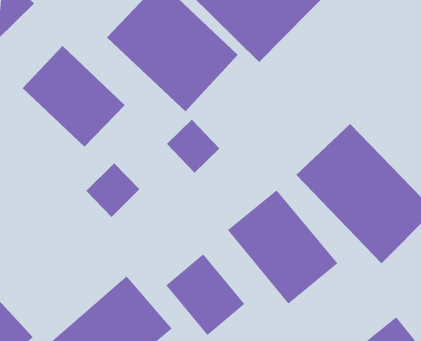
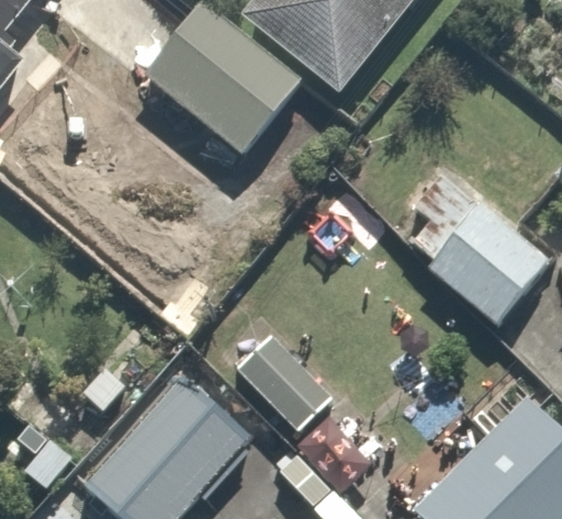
building: [22,45,125,147] -> none
building: [227,190,338,305] -> none

